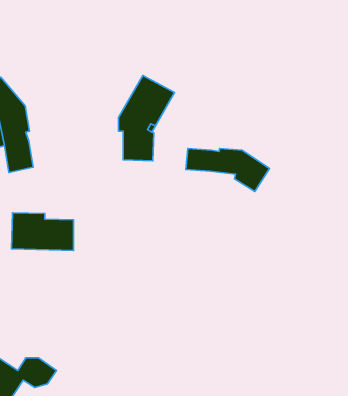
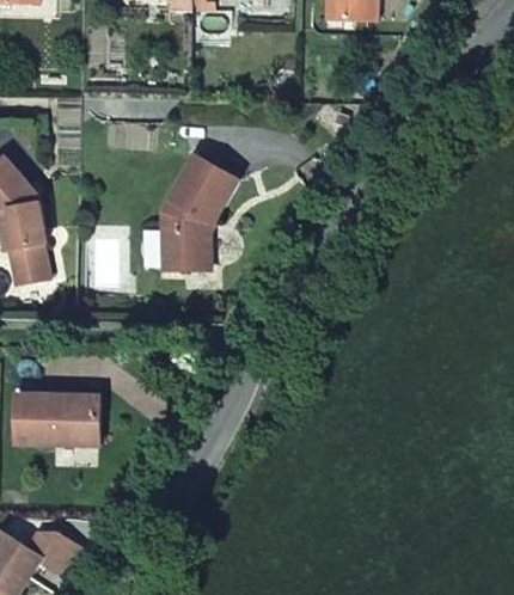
building: [186,149,270,191] -> none
building: [12,213,74,251] -> [13,397,96,447]

